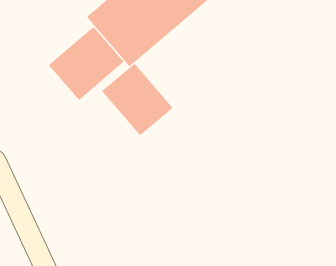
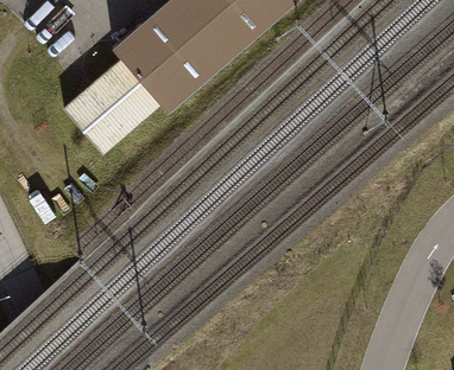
building: [101,63,173,136] -> none

